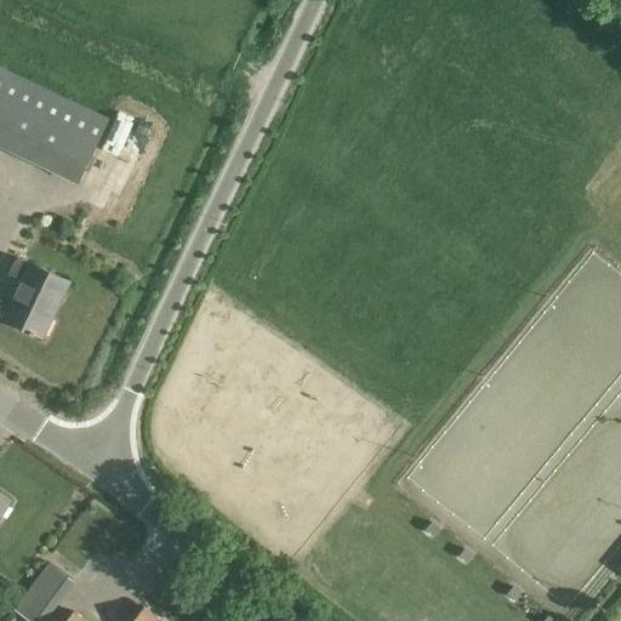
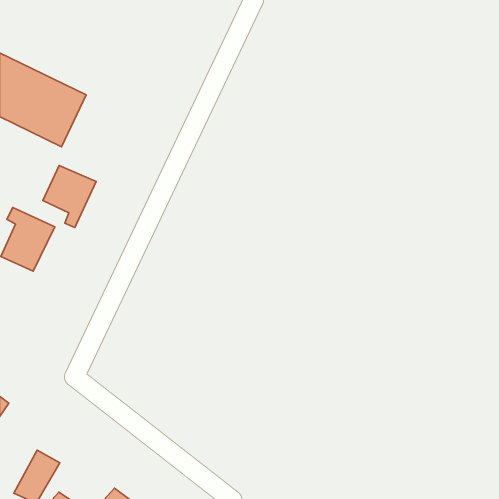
building: none -> [43,165,96,227]

